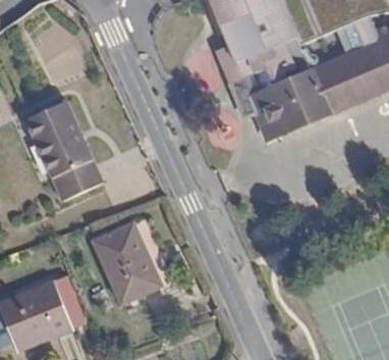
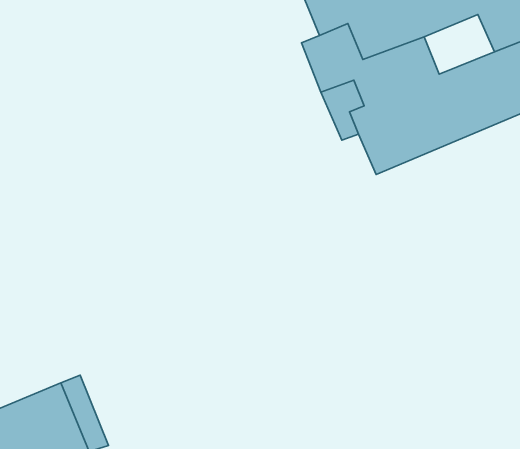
building: [25,100,103,201] -> none
building: [94,223,159,303] -> none

